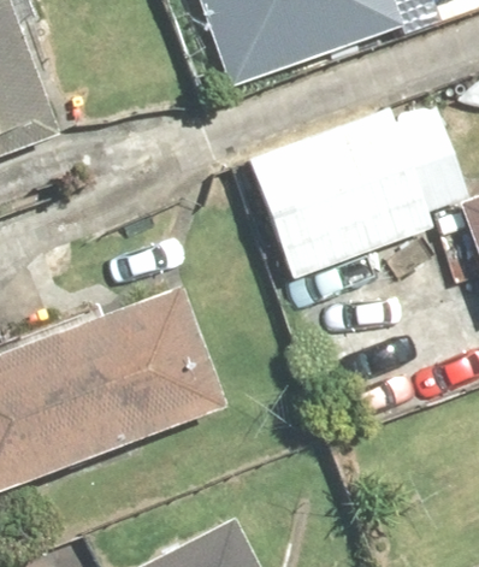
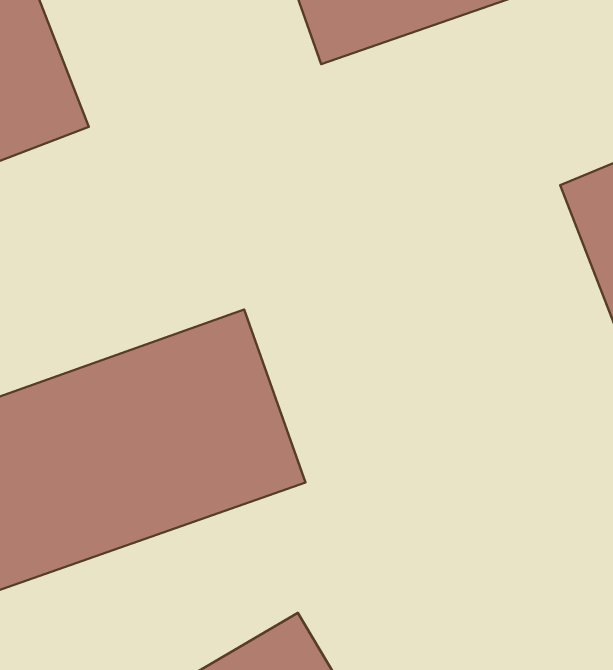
building: [253,107,438,279] -> none

